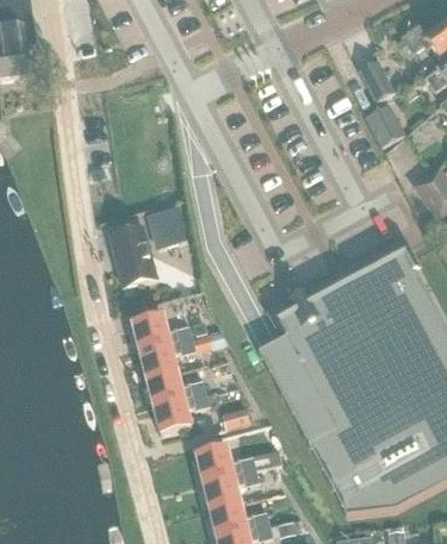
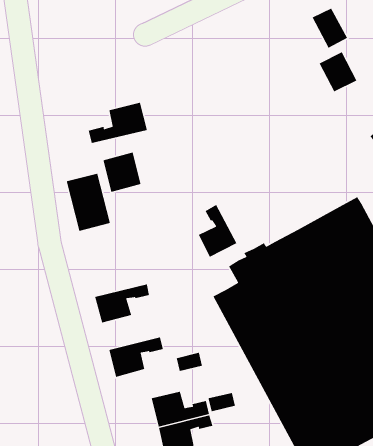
building: none -> [88,102,148,144]
building: none -> [198,204,237,258]
building: [132,312,193,349] -> none
building: [147,368,206,402] -> none

